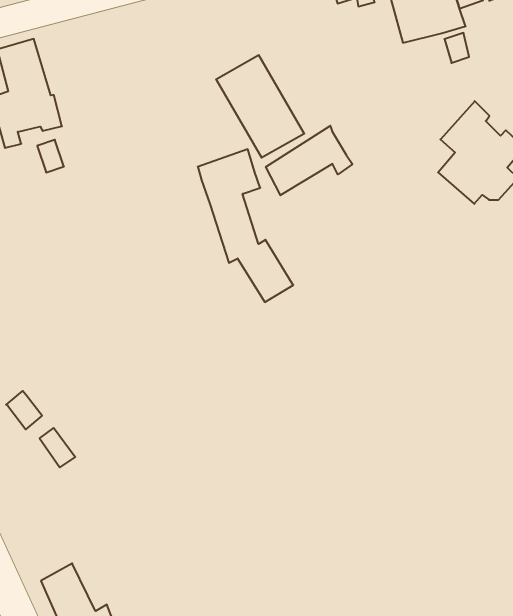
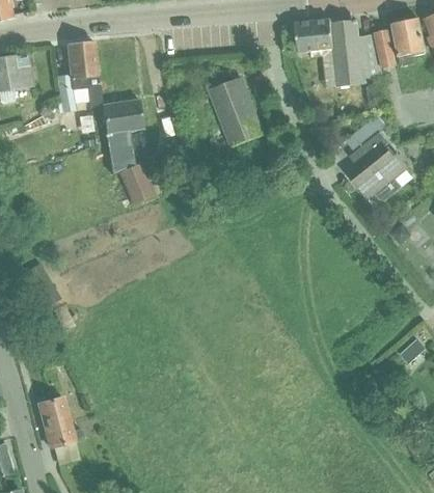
building: [266,126,352,195] -> none
building: [198,149,293,302] -> [103,100,154,203]

